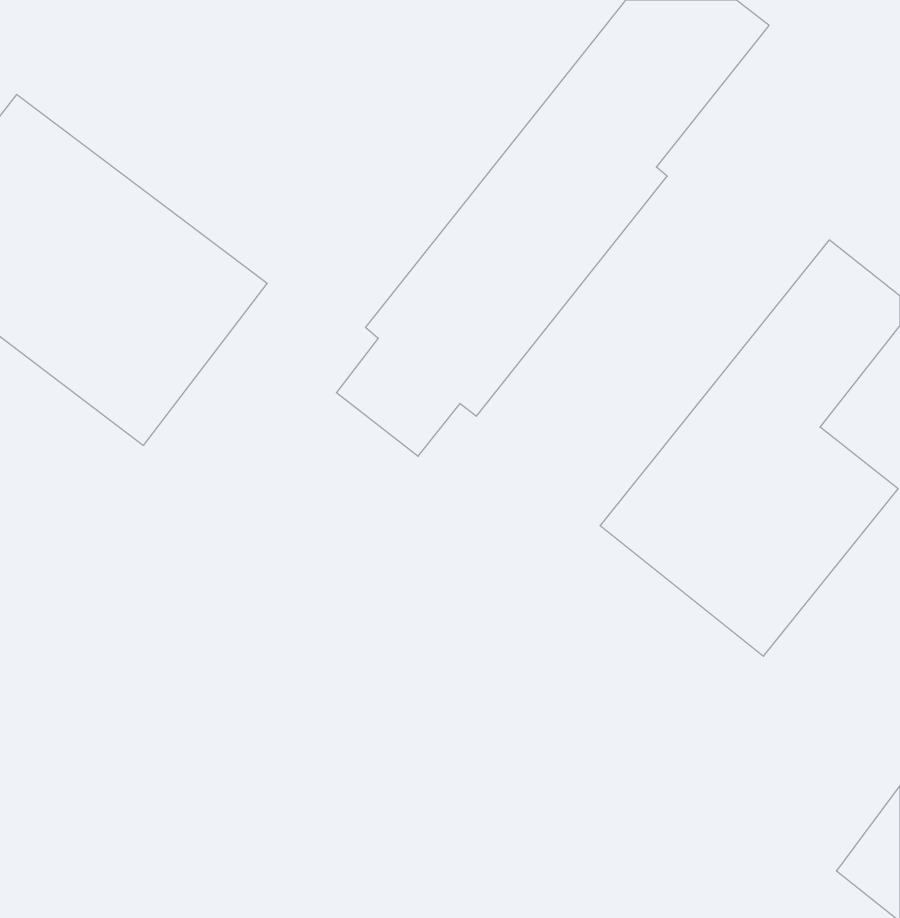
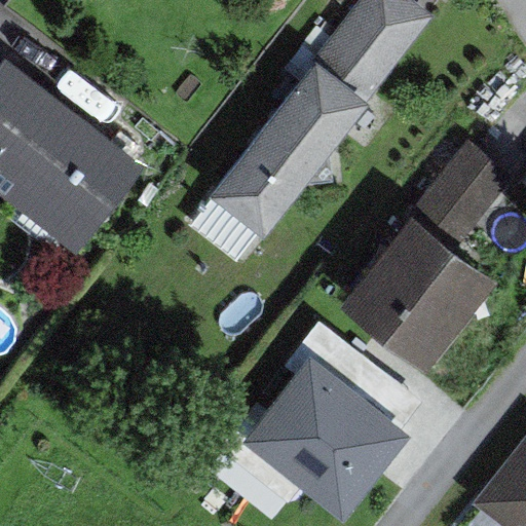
building: none -> [236,351,403,513]

